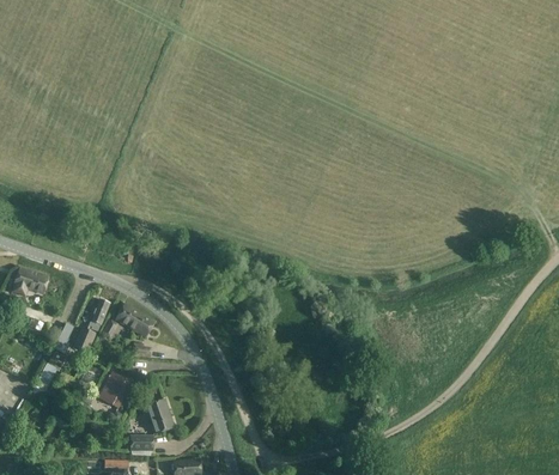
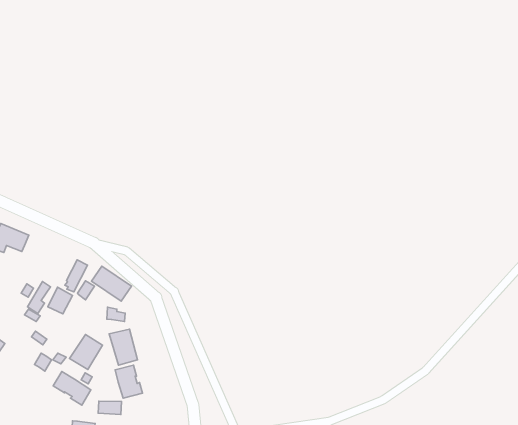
building: none -> [109,329,137,365]
building: none -> [53,372,91,405]

